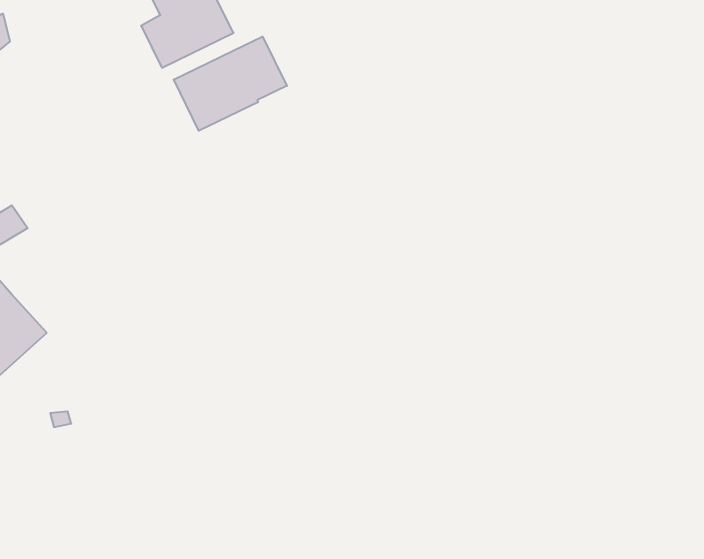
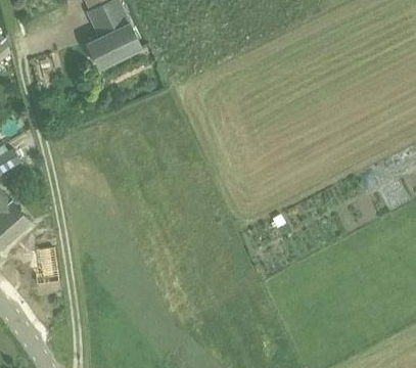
building: [174,37,287,131] -> none

